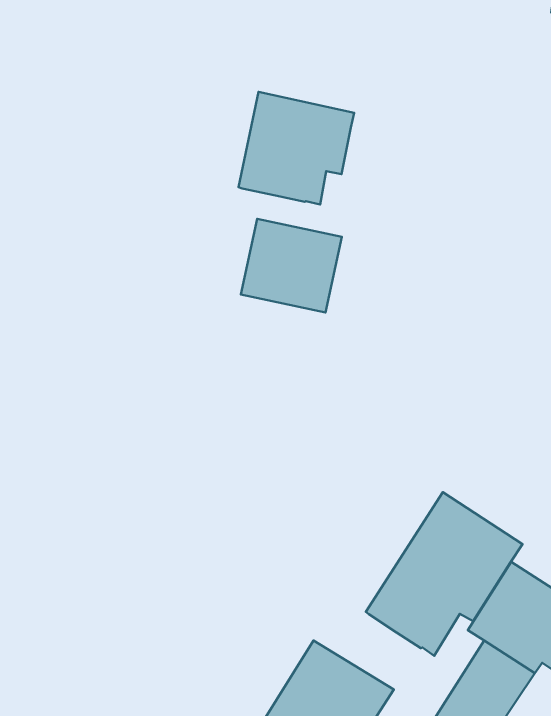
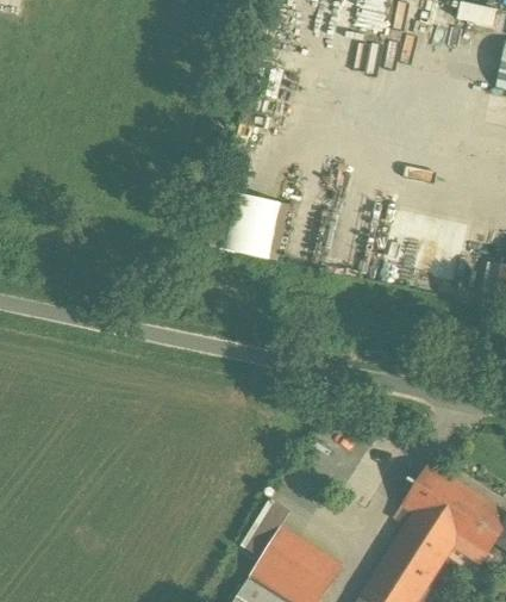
building: [238,92,354,205] -> none
building: [366,492,522,656] -> none

